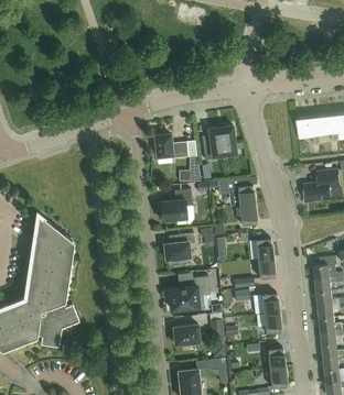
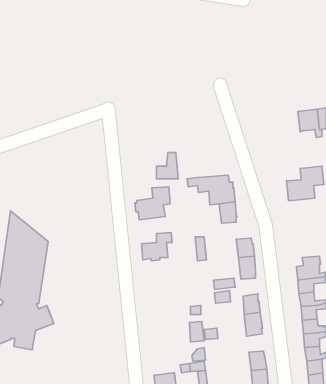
building: [297,117,321,145] -> none
building: [202,125,237,160] -> none
building: [153,134,187,158] -> none
building: [169,276,209,312] -> none
building: [173,325,200,344] -> none

